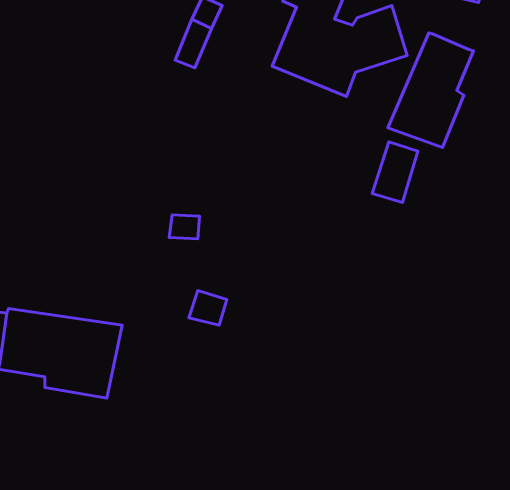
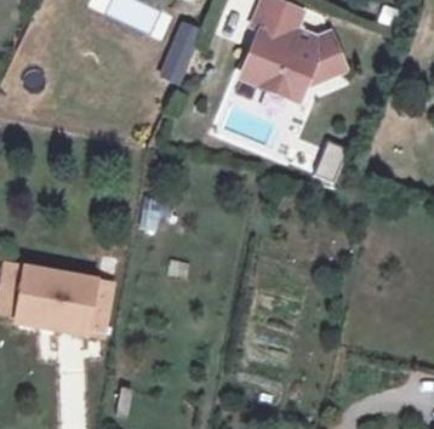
building: [388,33,474,148] -> none

